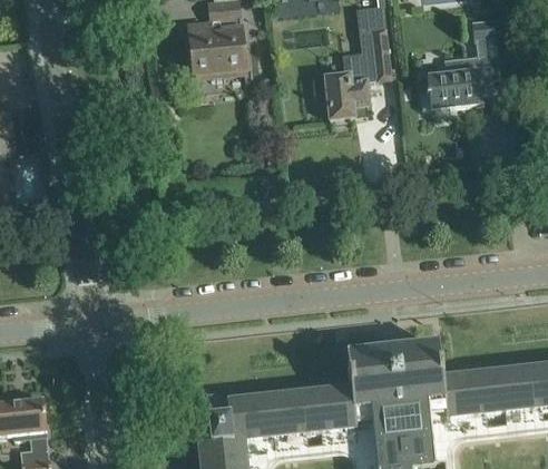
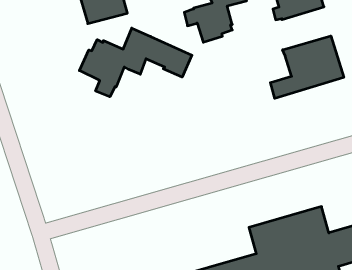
building: none -> [79,28,192,97]
building: none -> [270,36,344,98]

